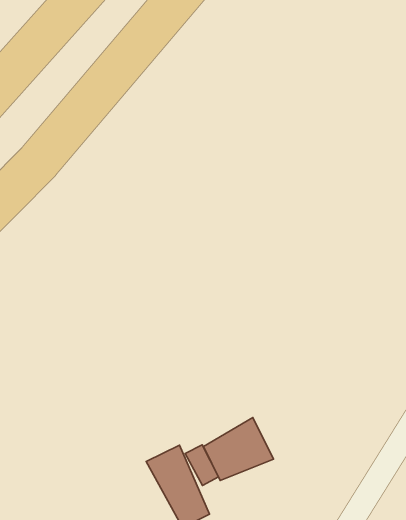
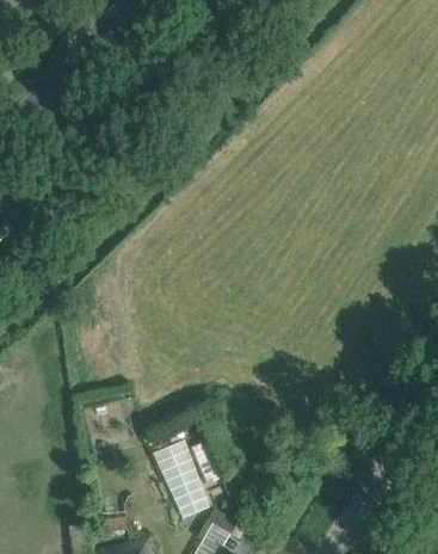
building: [204,417,273,480] -> none

